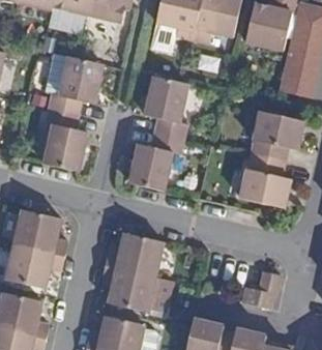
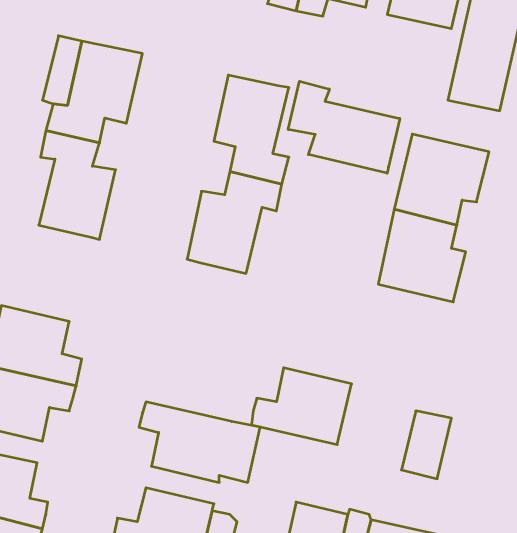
building: none -> [288,81,400,173]
building: [105,232,163,276] -> [251,368,352,445]

